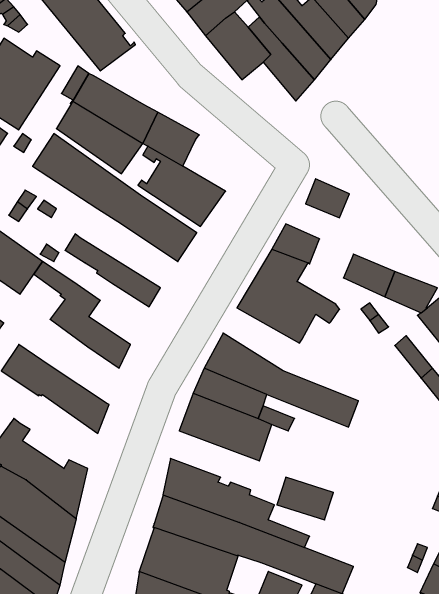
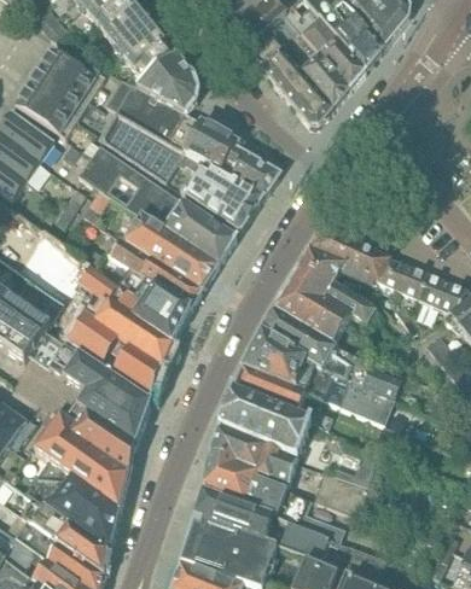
building: none -> [136,54,197,112]
building: none -> [279,71,331,124]
building: none -> [222,146,279,196]
building: [306,179,349,218] -> [344,241,386,279]
building: none -> [123,212,217,288]
building: none -> [116,264,190,343]
building: none -> [261,308,401,397]
building: none -> [66,313,161,396]
building: none -> [65,391,140,462]
building: none -> [210,426,296,483]

